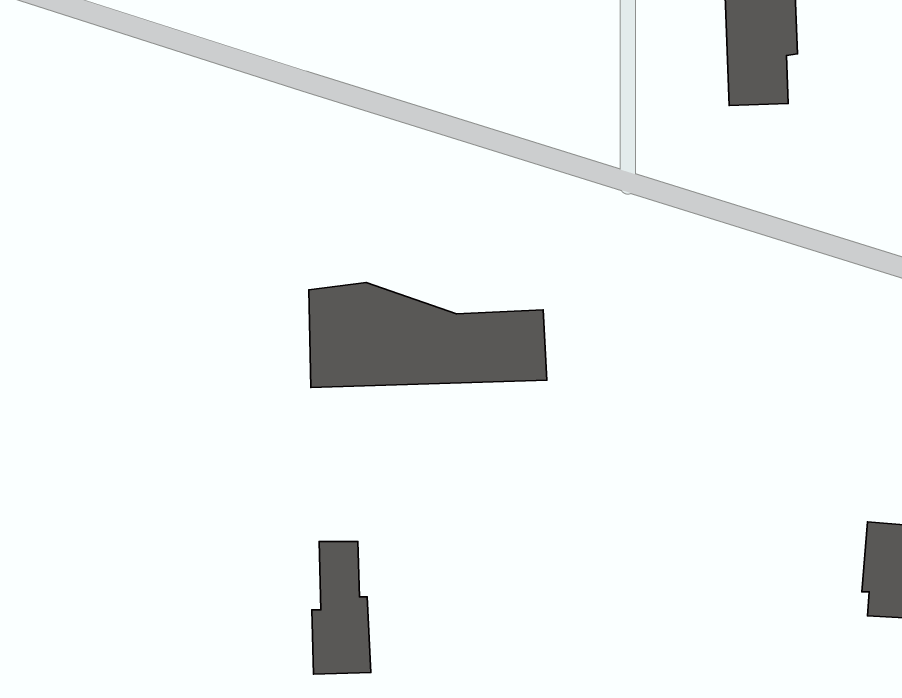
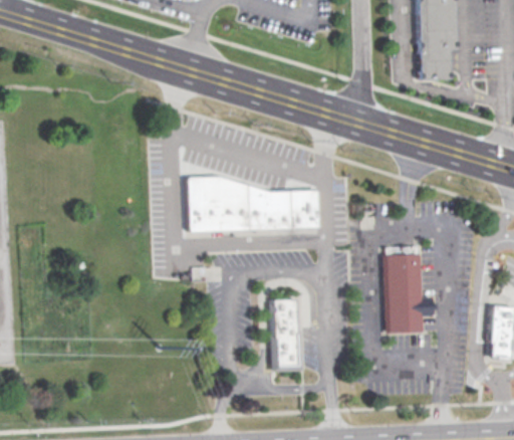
building: none -> [384,254,433,333]
building: [312,542,371,674] -> [270,299,302,372]

